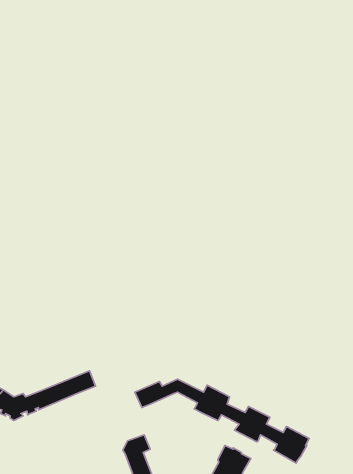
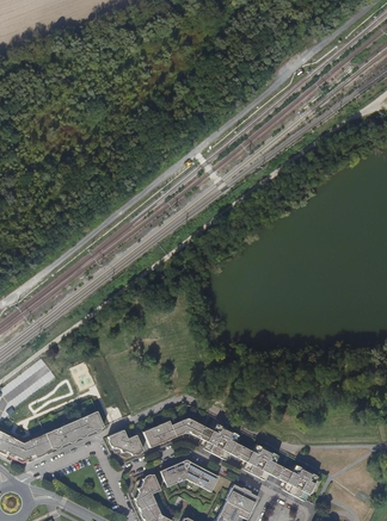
building: none -> [109,429,143,457]
building: none -> [160,460,219,492]

